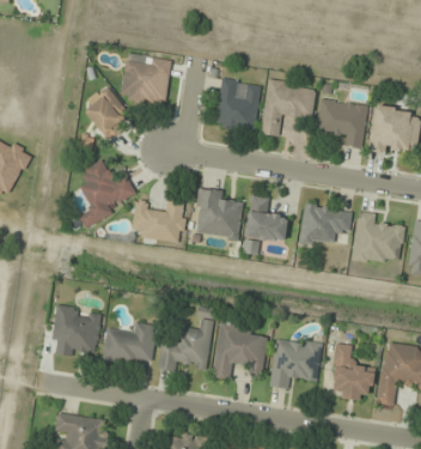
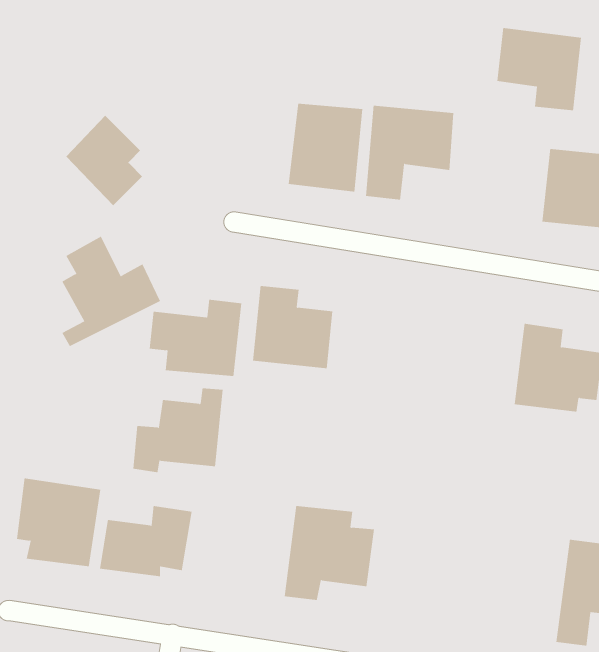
building: [120,55,171,107] -> none
building: [317,97,368,147] -> [497,28,582,111]
building: [246,194,288,243] -> none
building: [299,202,353,247] -> none
building: [159,318,214,370] -> [132,388,224,473]
building: [268,335,323,389] -> none
building: [331,344,374,400] -> none

